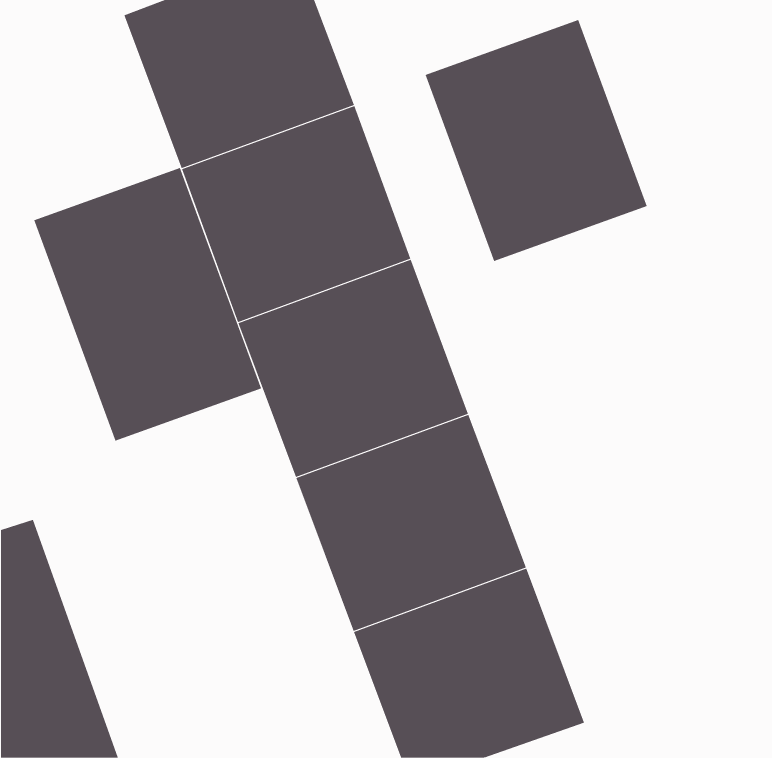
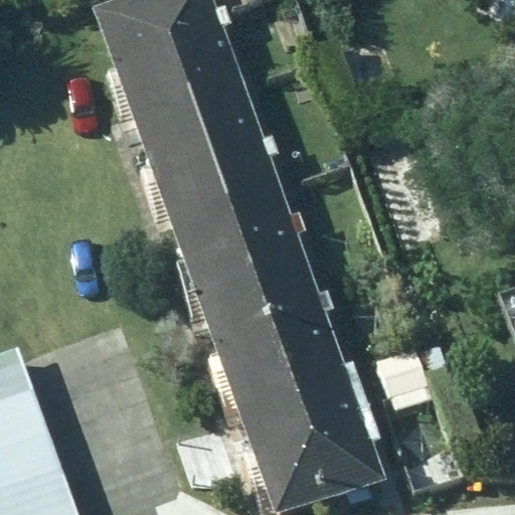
building: [425,19,648,262] -> none
building: [34,167,262,441] -> none

